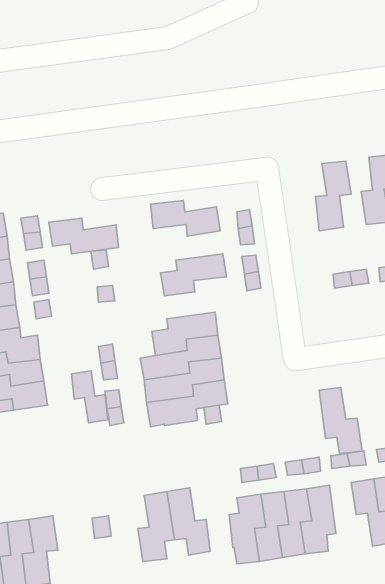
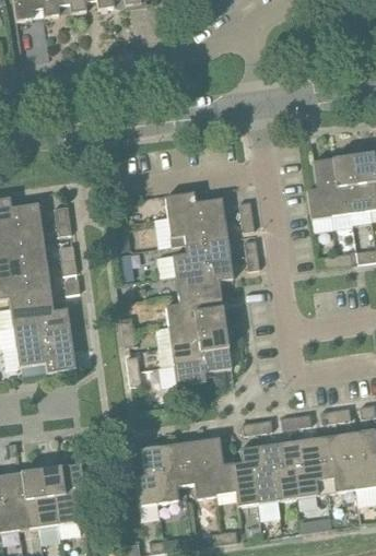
building: none -> [328,155,356,215]
building: [49,218,119,254] -> [167,213,227,244]
building: none -> [177,258,233,294]
building: [72,371,108,423] -> none
building: [319,388,362,454] -> [319,435,356,492]
building: none -> [199,437,236,494]
building: none -> [133,446,164,506]

